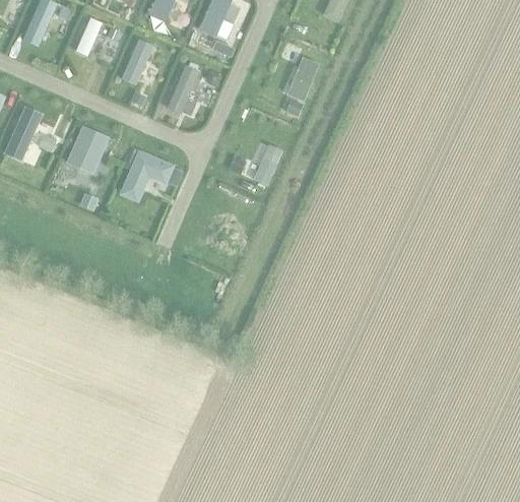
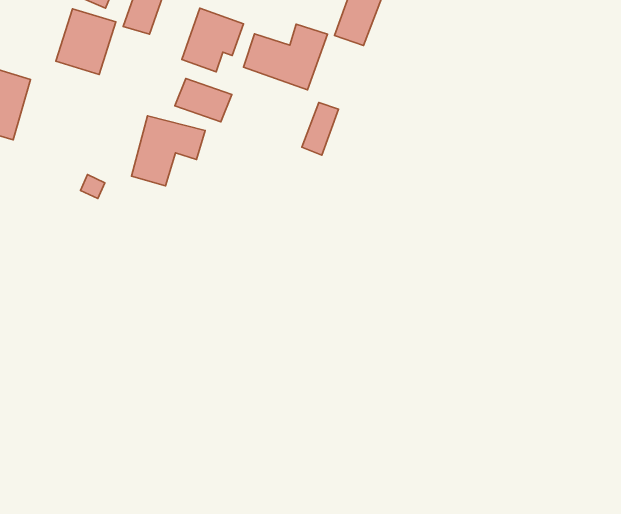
building: none -> [243,24,327,90]
building: none -> [175,78,232,122]
building: [62,124,111,177] -> [56,9,116,74]

